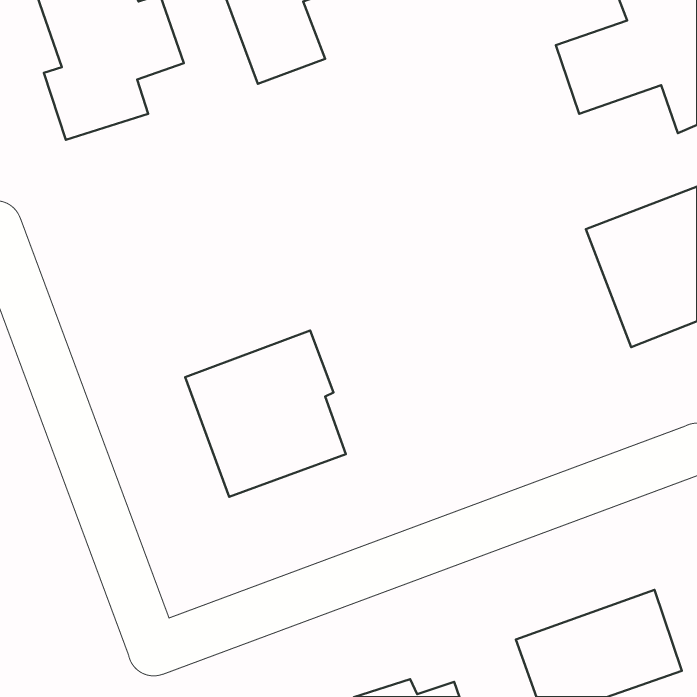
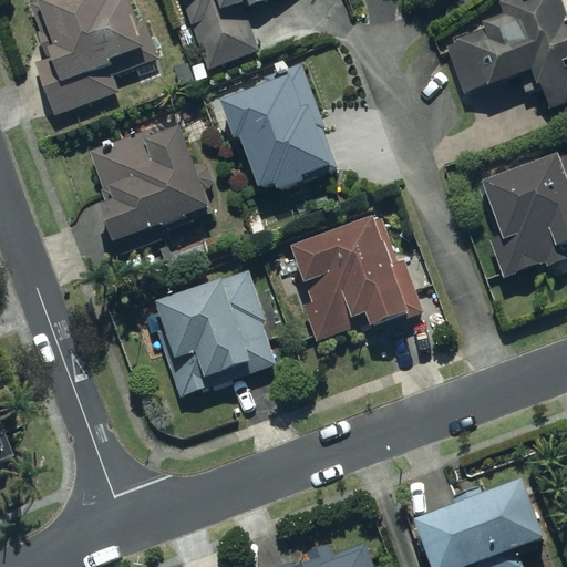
building: none -> [219,68,334,190]
building: none -> [90,122,215,239]
building: none -> [288,215,414,339]

